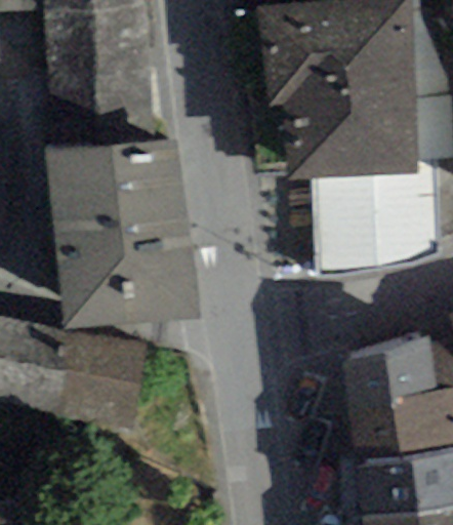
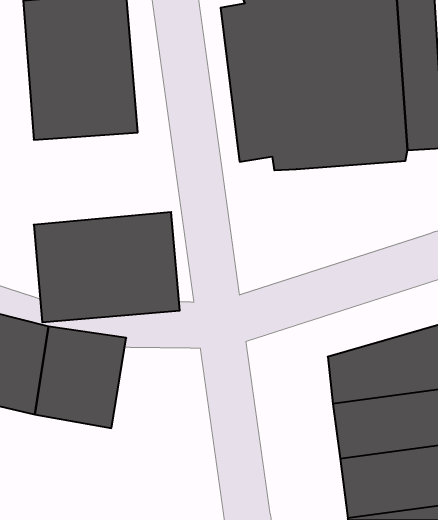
building: [46,136,188,230] -> none
building: [310,156,437,277] -> none

